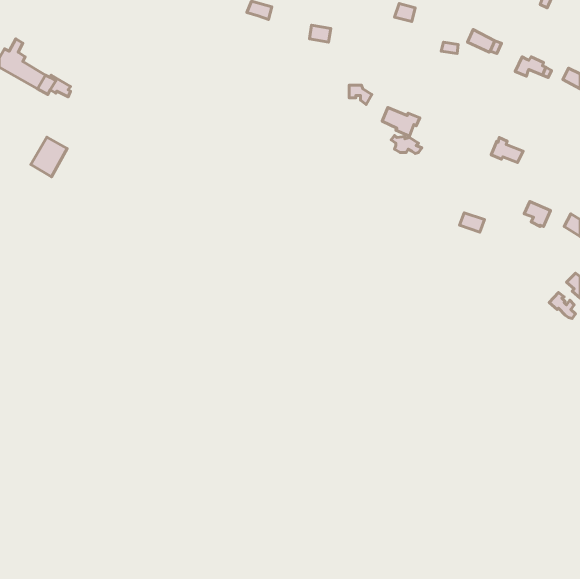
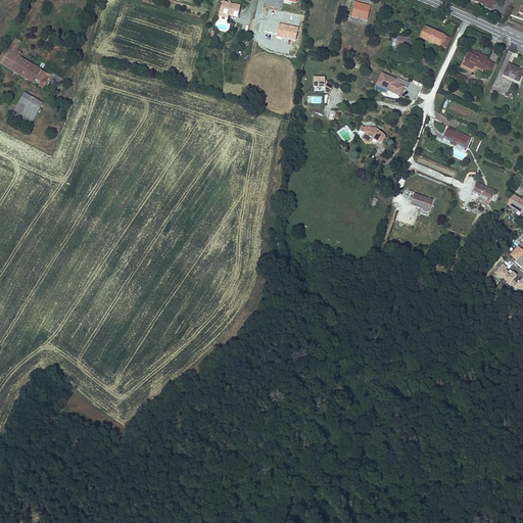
building: [382,108,420,136] -> [376,70,410,96]
building: [31,137,67,177] -> [9,90,42,126]

